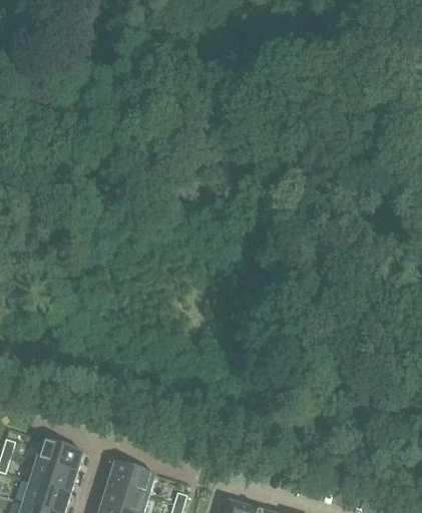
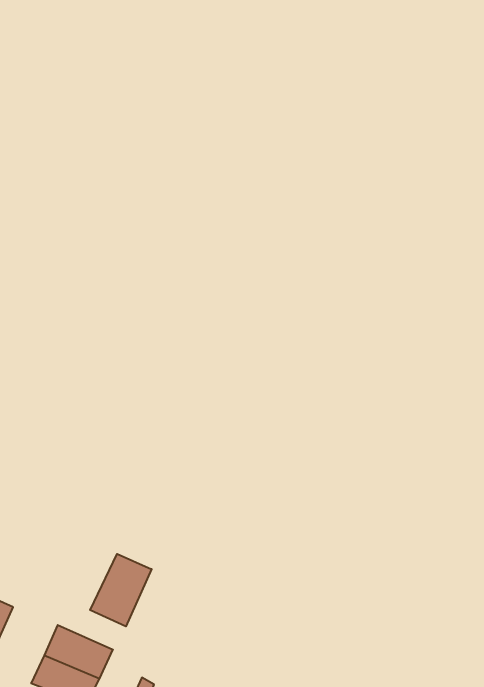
building: none -> [90,554,152,626]

